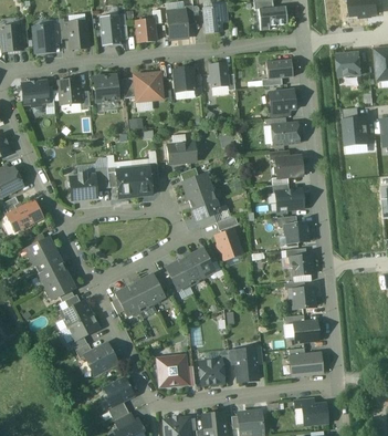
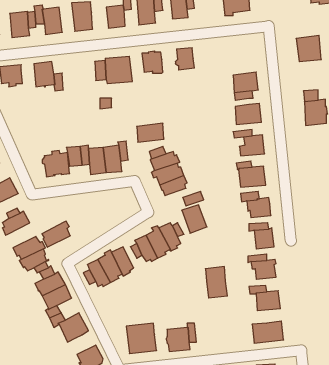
building: [265,59,292,79] -> none
building: [93,74,118,102] -> none
building: [31,247,61,274] -> [42,221,70,247]
building: [234,347,258,381] -> [205,267,227,298]

